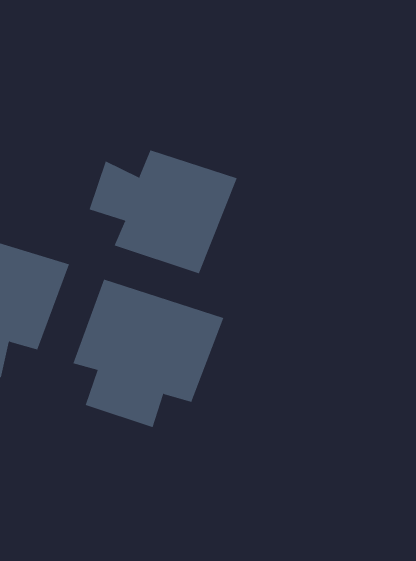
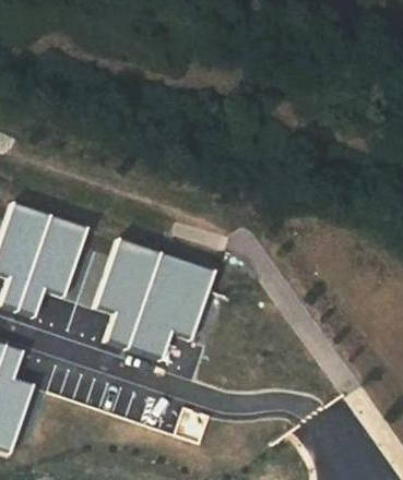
building: [89,149,237,274] -> none

